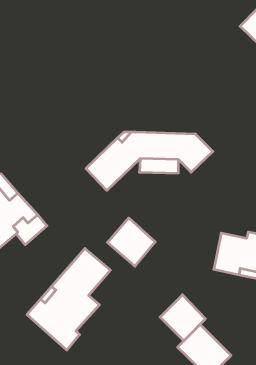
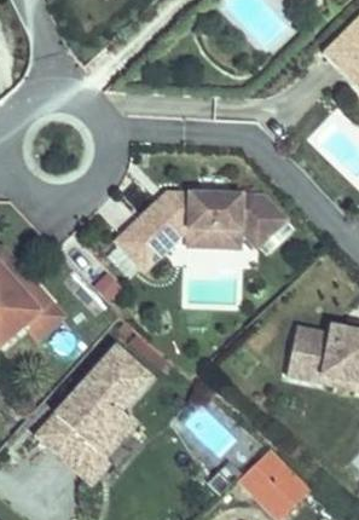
building: [107,218,155,266] -> none
building: [160,295,205,341] -> none

